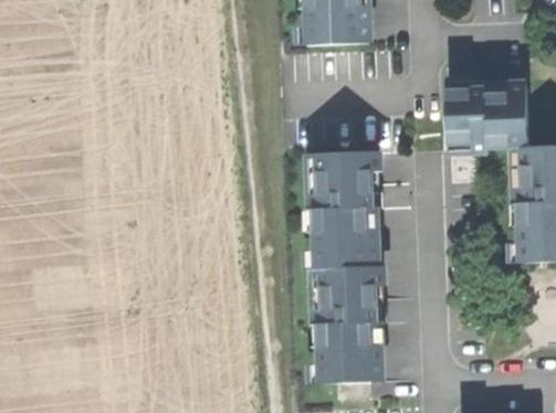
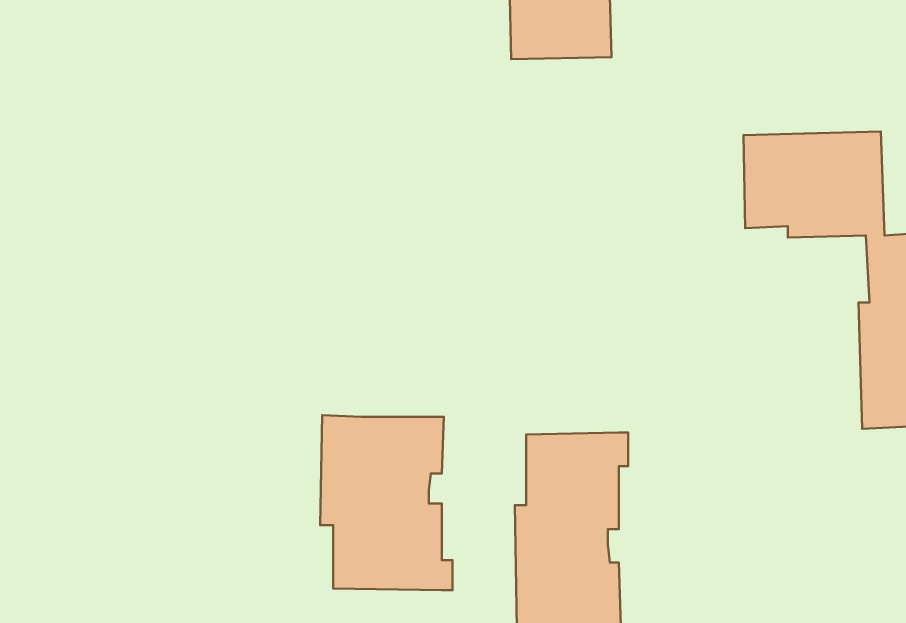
building: [311,150,378,266] -> none
building: none -> [320,415,453,590]

